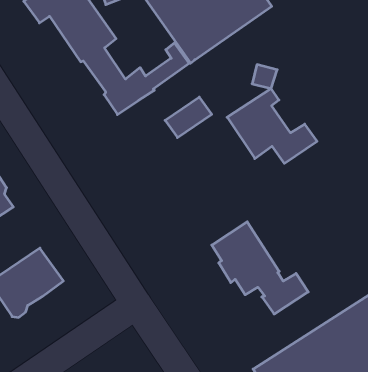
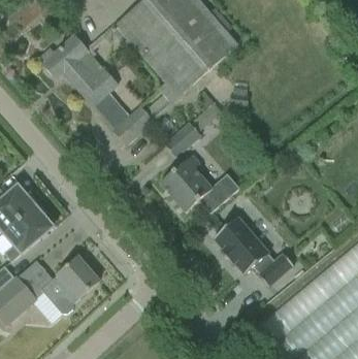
building: [227,89,317,163] -> [160,155,233,213]

